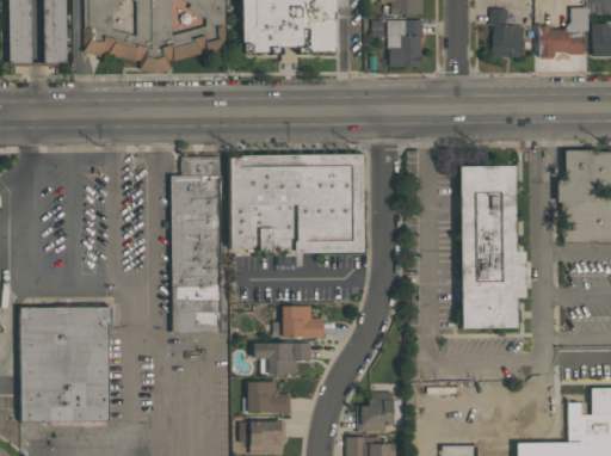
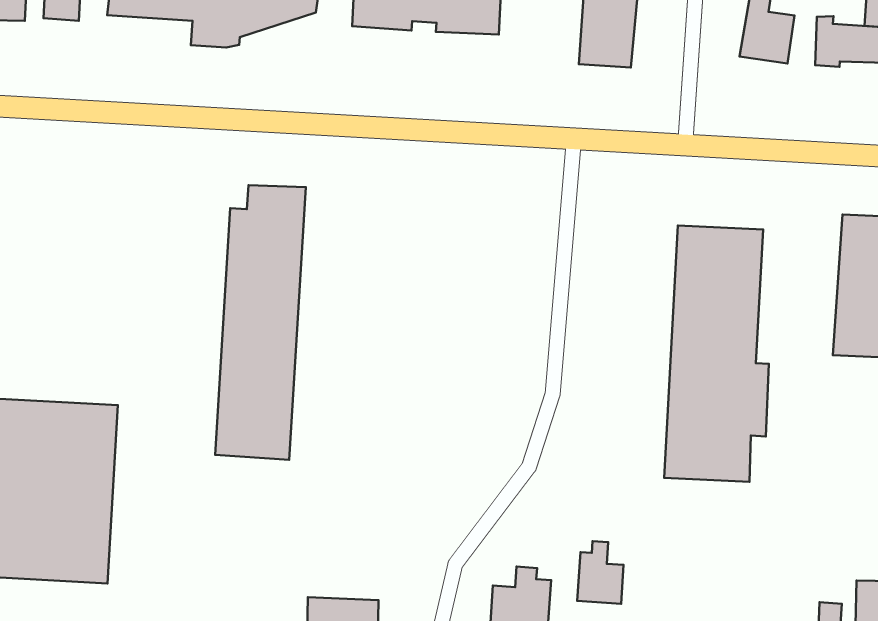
building: [229,154,364,252] -> none
building: [282,306,325,337] -> none
building: [253,341,311,374] -> none
building: none -> [577,541,624,604]
building: [247,380,291,413] -> none

